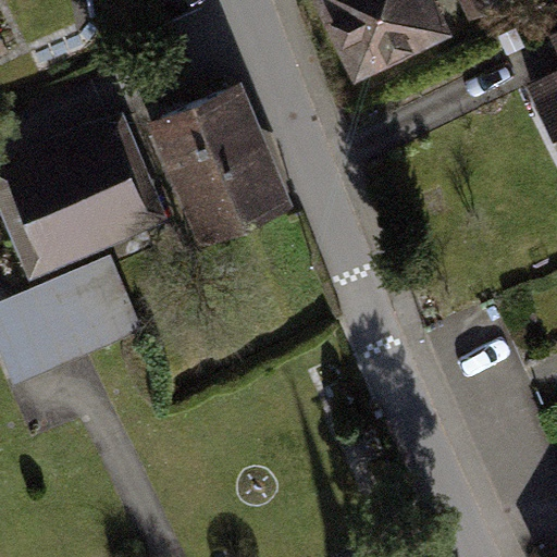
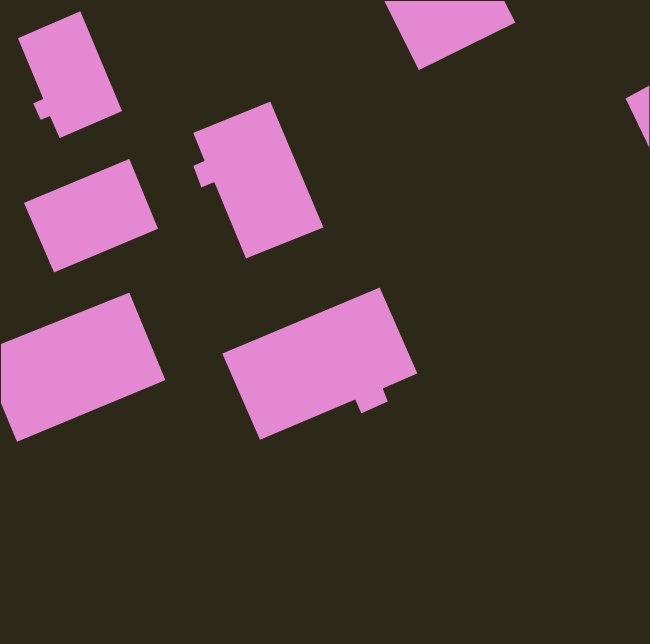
building: none -> [17,10,123,139]
building: none -> [221,286,418,441]

